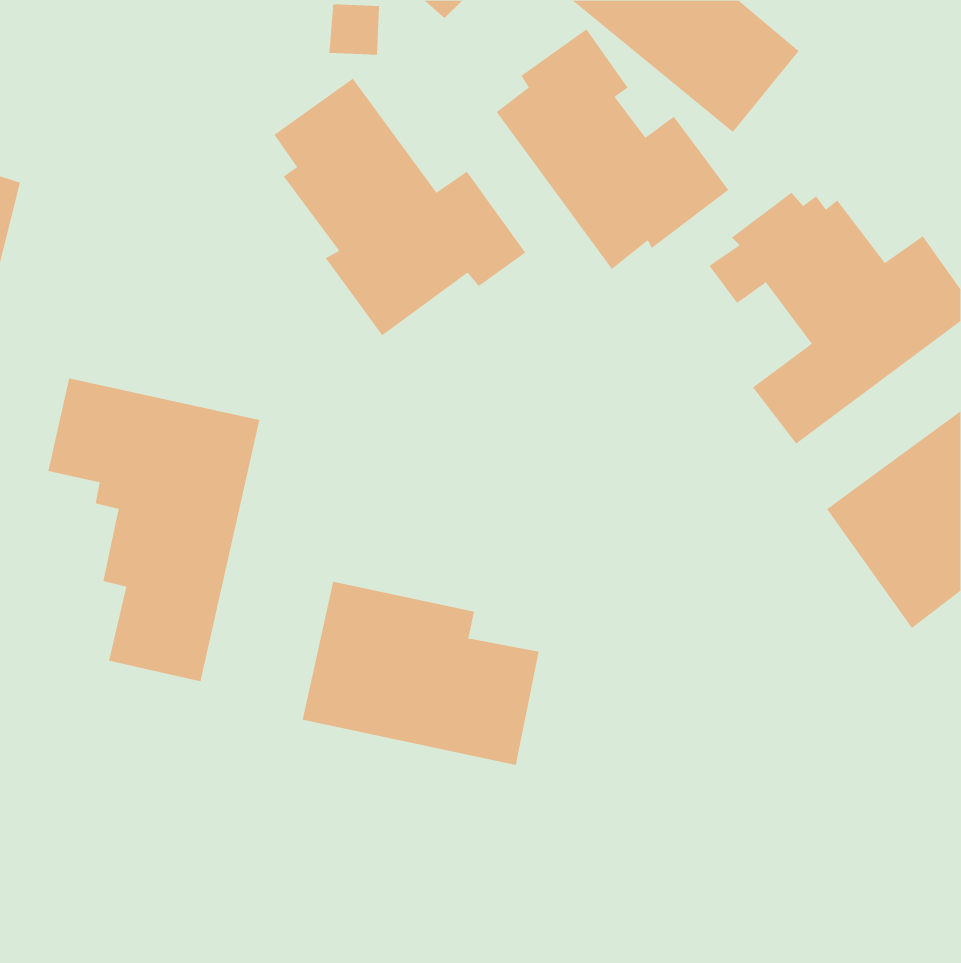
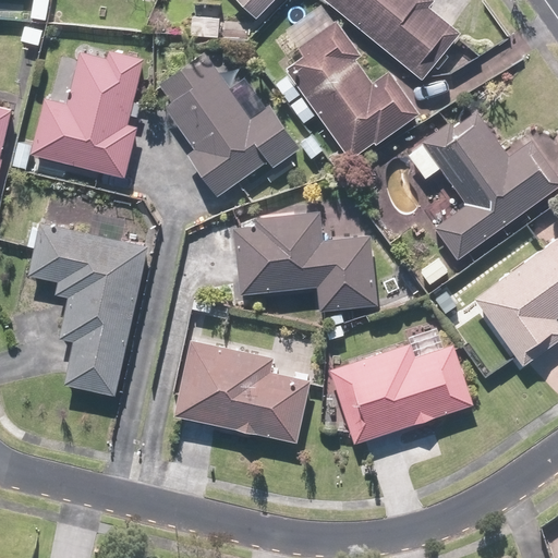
building: none -> [28,49,144,179]
building: none -> [235,217,375,310]
building: none -> [328,342,471,446]

